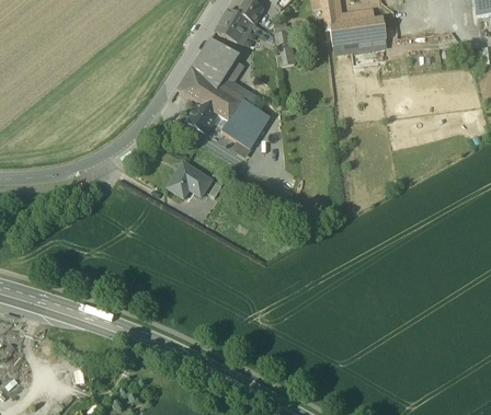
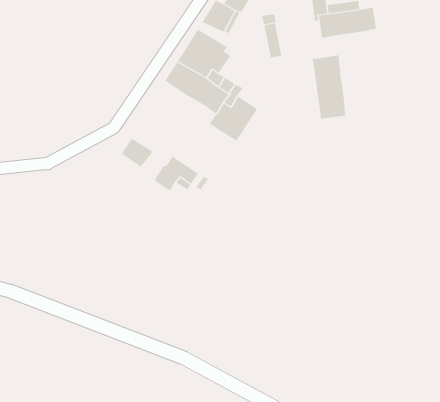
building: none -> [312,55,347,120]
building: [187,102,218,131] -> none
building: none -> [121,138,154,168]

